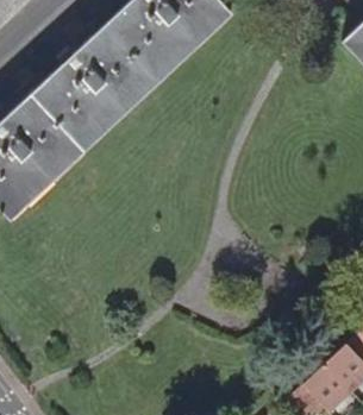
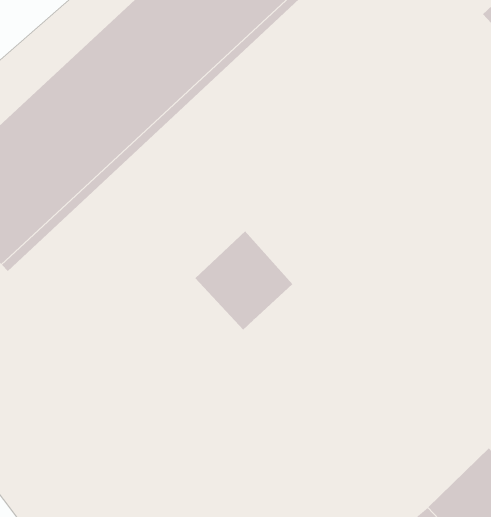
building: none -> [195,230,293,330]

